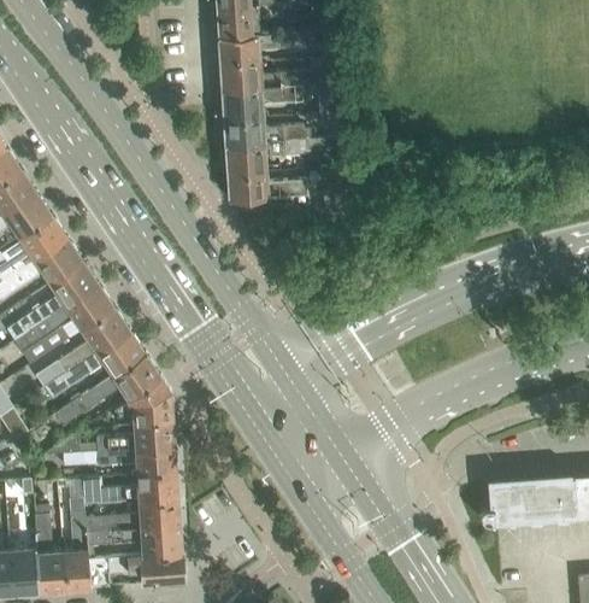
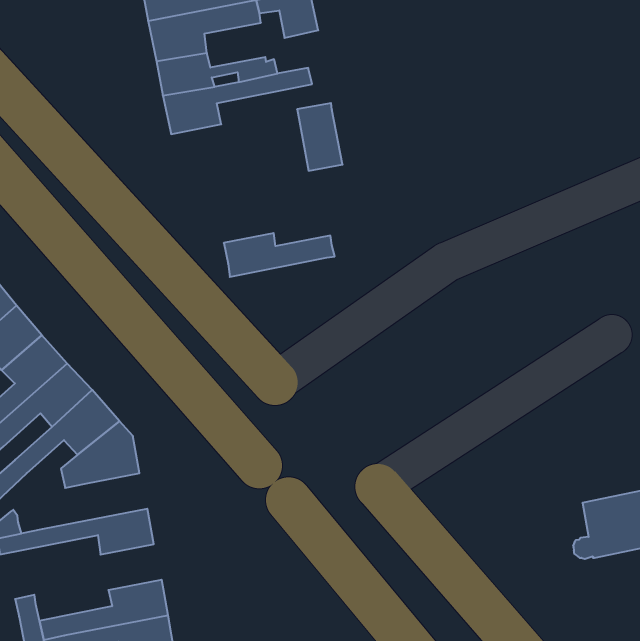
building: [226,172,306,200] -> [224,233,335,277]
building: [94,418,173,450] -> none
building: [81,472,177,504] -> none

